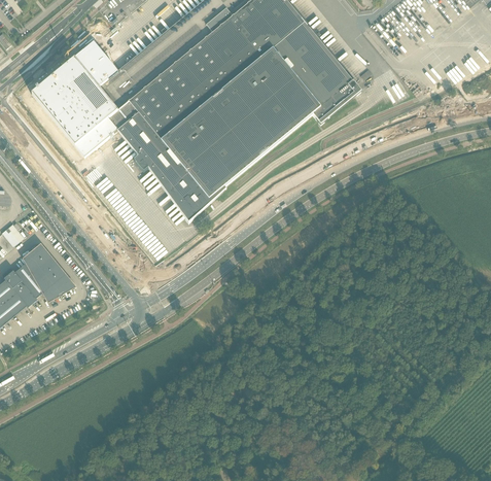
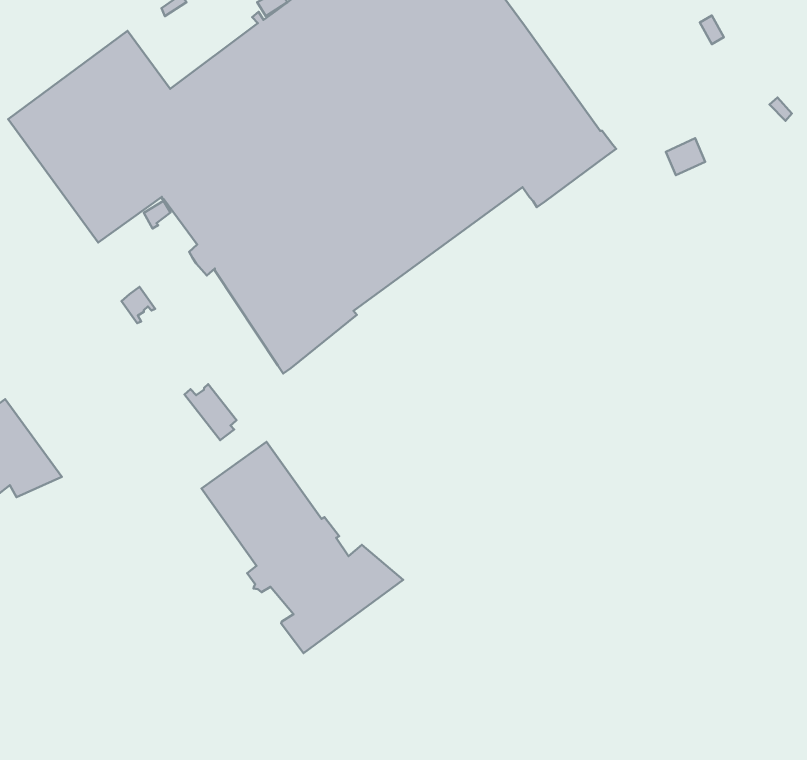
building: none -> [202,442,403,653]

